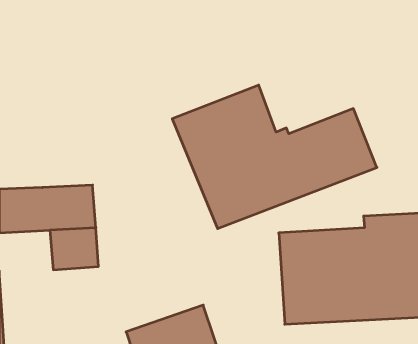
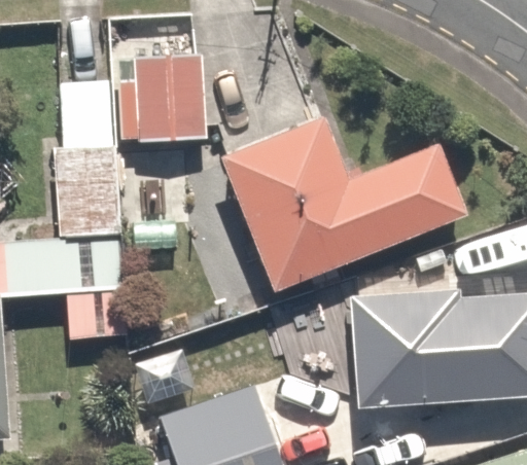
building: none -> [134,55,209,142]
building: none -> [55,80,120,240]

